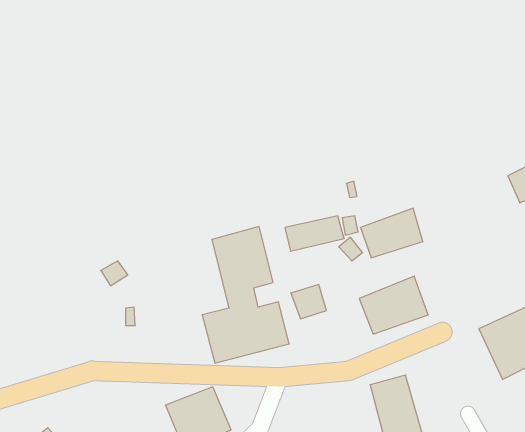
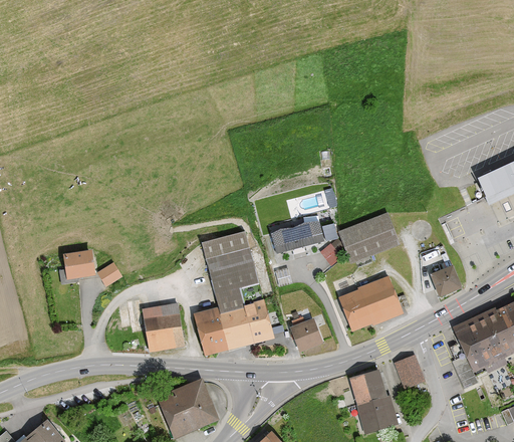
building: none -> [63,249,95,278]
building: none -> [430,264,463,295]
building: [291,285,326,319] -> [289,318,322,351]
building: none -> [141,304,185,352]
building: none -> [392,355,425,391]

